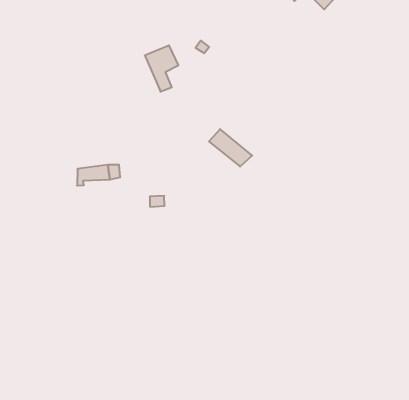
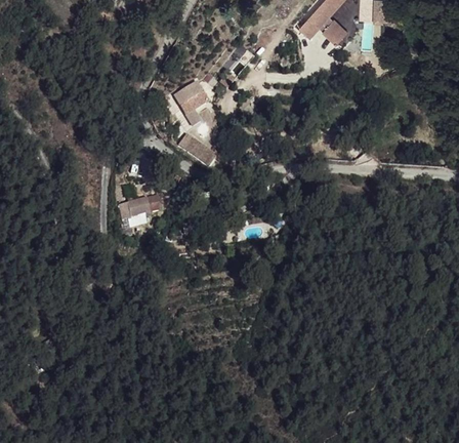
building: [209,129,252,167] -> [179,133,220,166]

